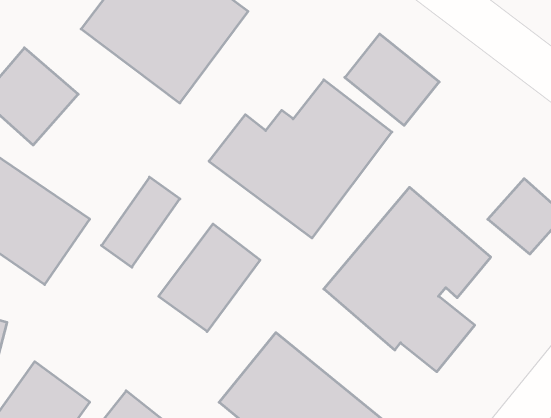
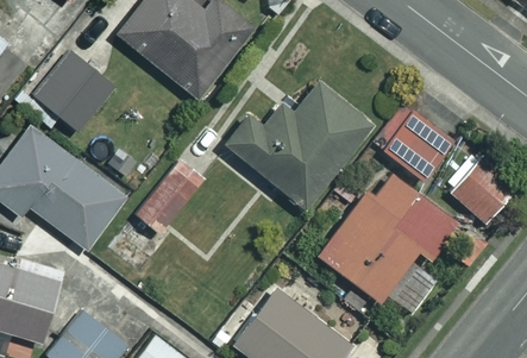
building: [345,34,439,125] -> [376,107,453,182]
building: [159,224,260,332] -> none

